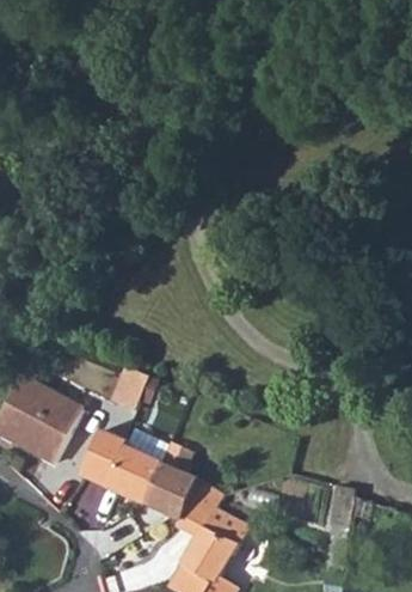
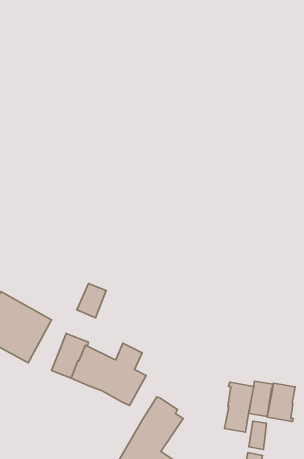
building: [173,481,220,536] -> none
building: none -> [225,382,254,432]
building: none -> [267,383,295,422]

